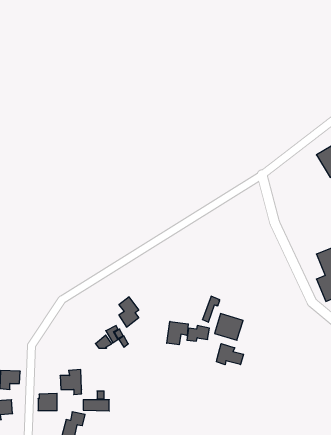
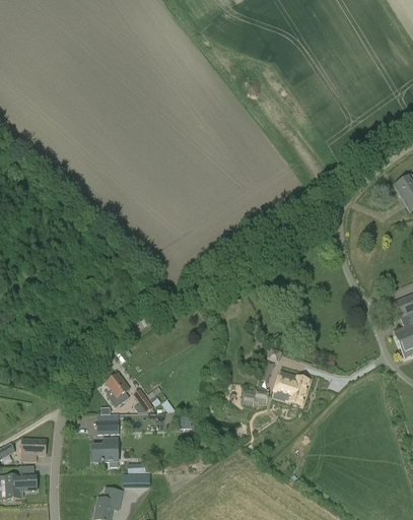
building: [119,297,139,327] -> [106,373,129,408]
building: [167,321,188,345] -> none
building: [216,344,244,365] -> none
building: [38,393,57,411] -> [96,413,119,434]

